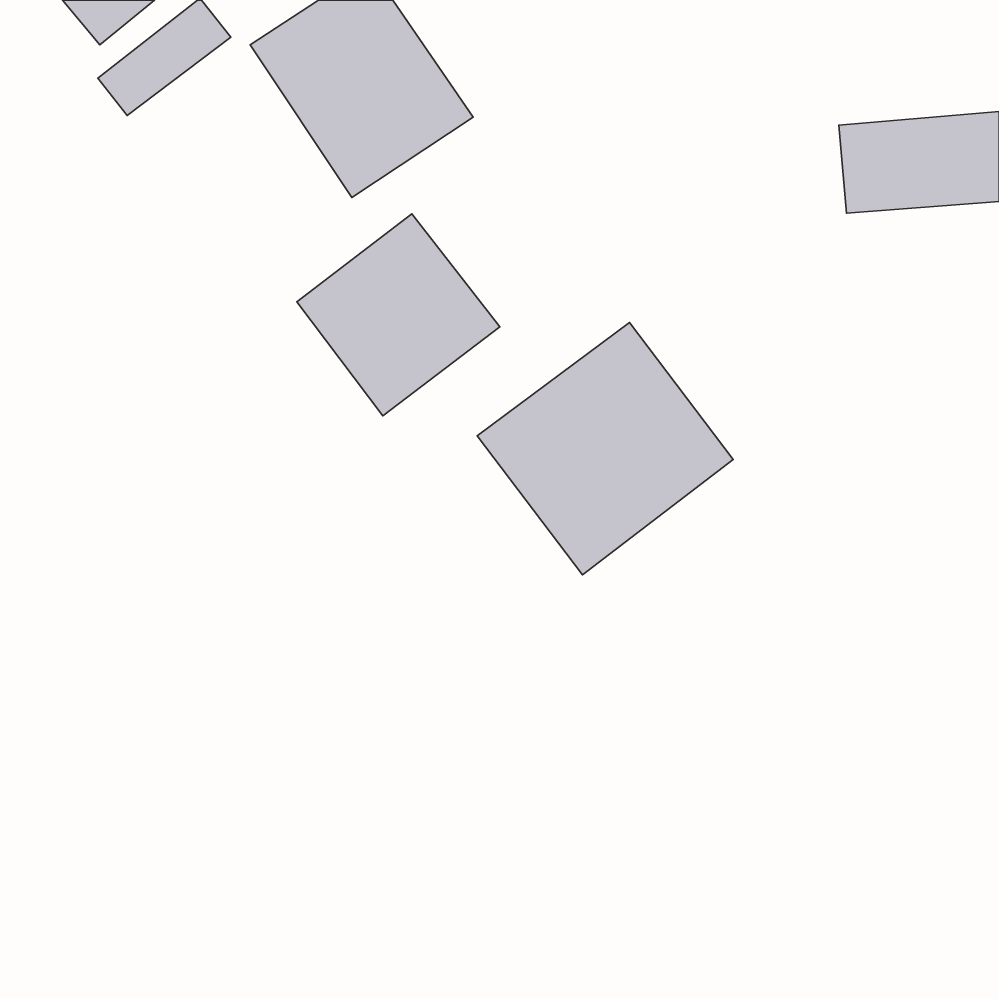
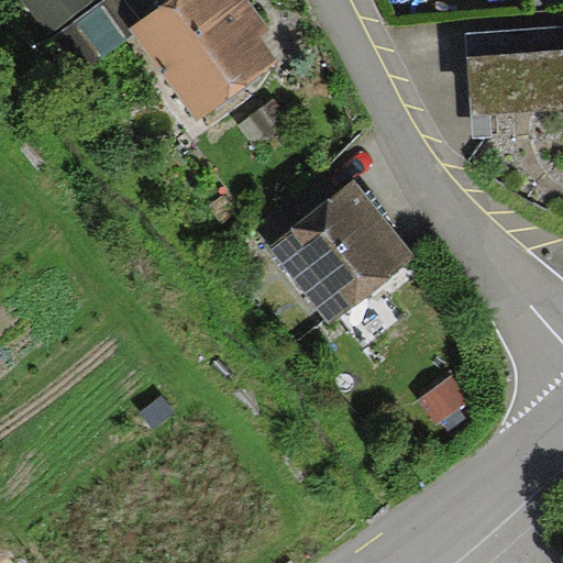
building: [297,214,500,416] -> none

